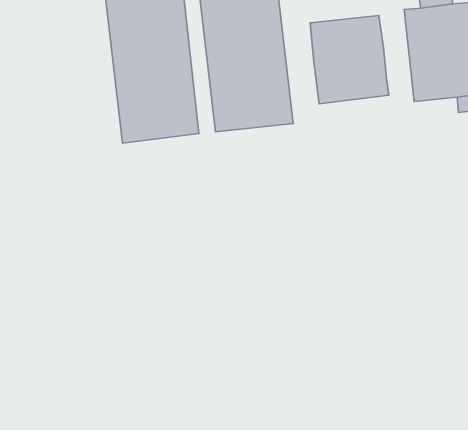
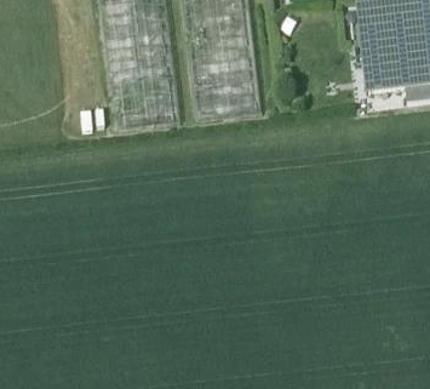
building: [310,16,389,104] -> none

